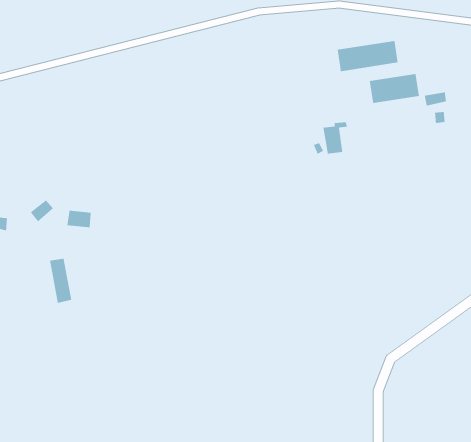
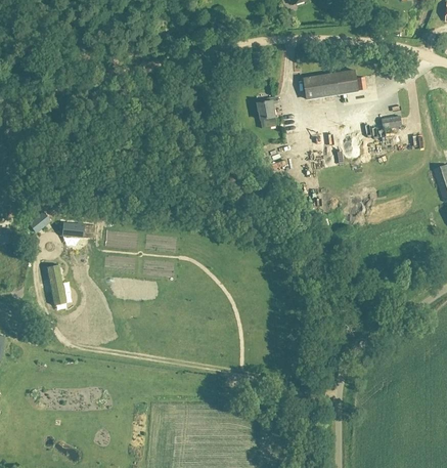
building: [369,73,420,104] -> none
building: [322,121,348,155] -> [256,96,278,126]

